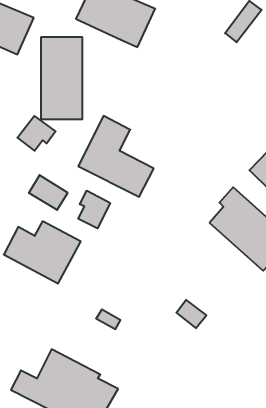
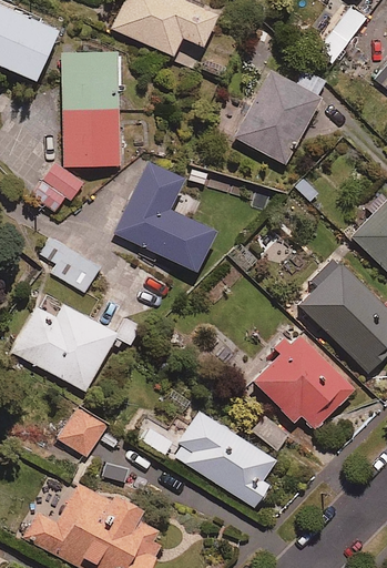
building: none -> [235,71,323,163]
building: [78,191,110,228] -> none
building: none -> [251,331,353,427]
building: none -> [59,405,108,455]
building: none -> [171,410,277,507]

